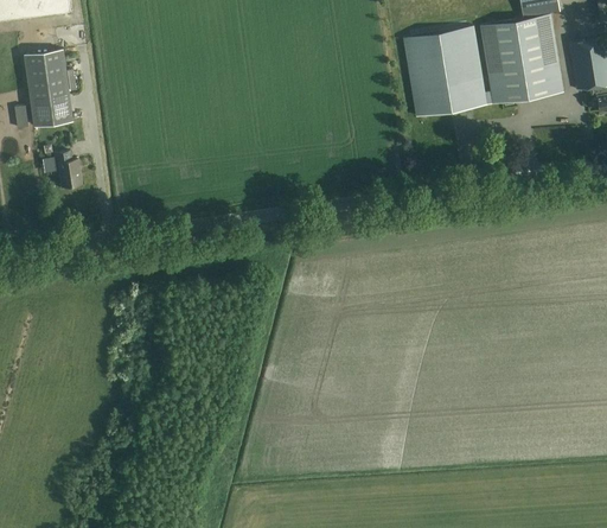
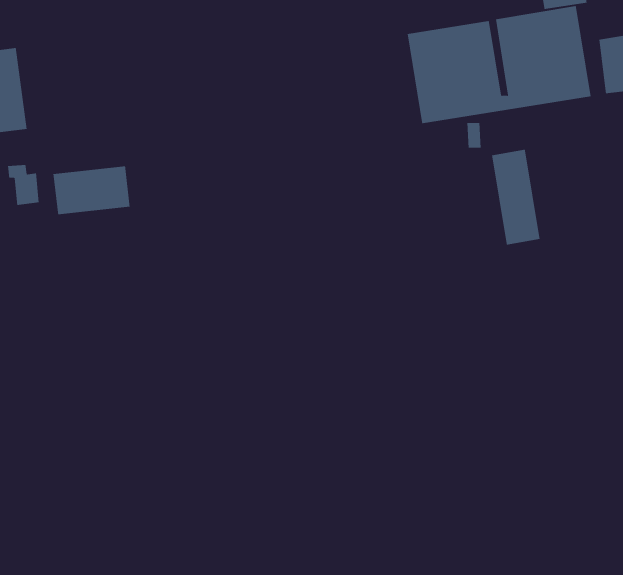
building: none -> [491,149,540,245]
building: none -> [53,165,130,215]

